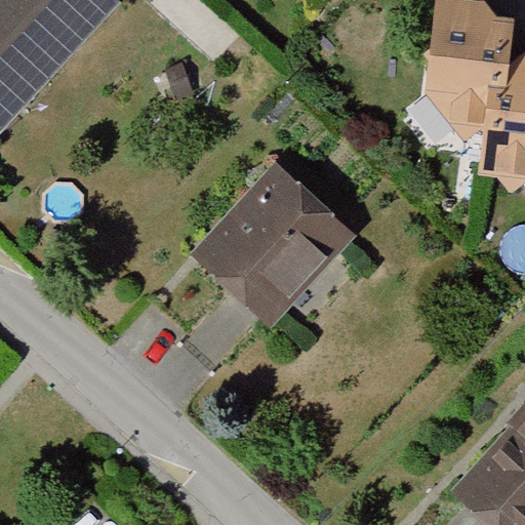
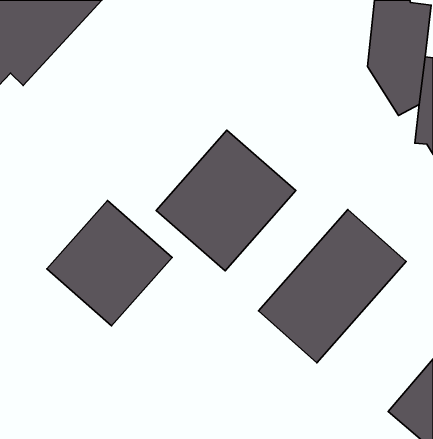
building: none -> [47,200,172,326]
building: none -> [259,209,406,363]

